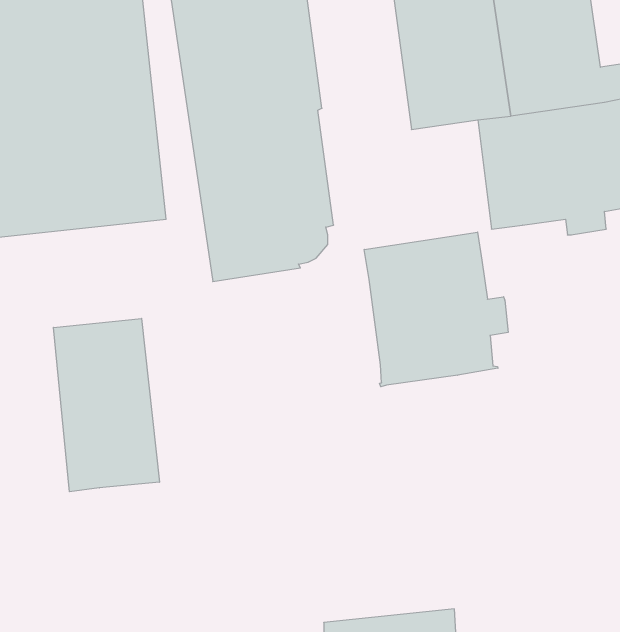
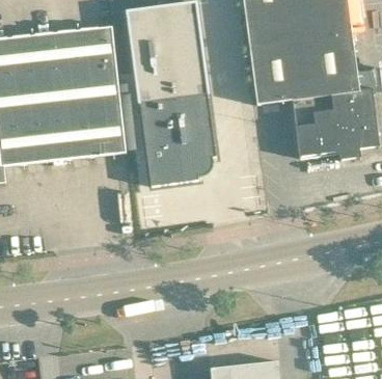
building: [364,232,508,387] -> none
building: [53,318,159,492] -> none

